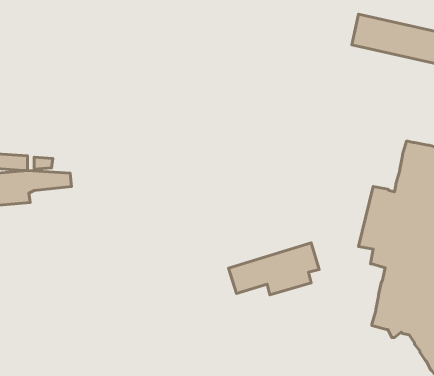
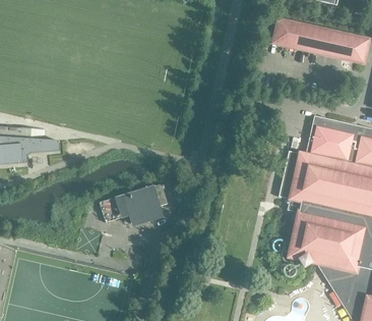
building: [228,243,319,295] -> [99,182,168,222]

